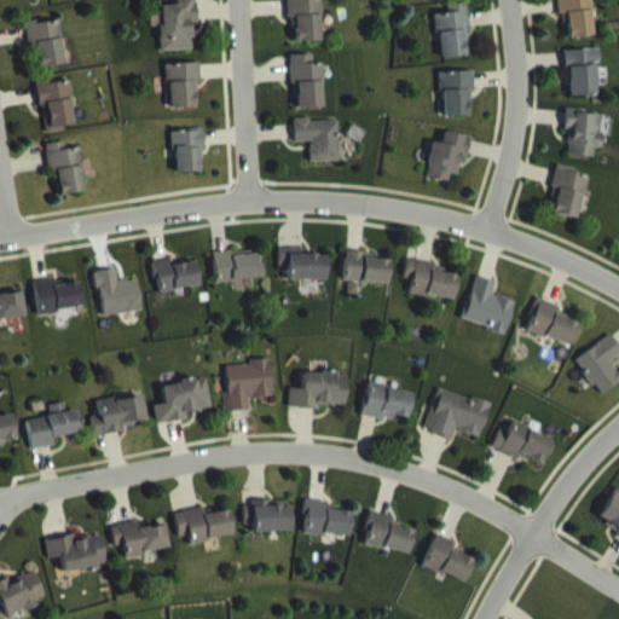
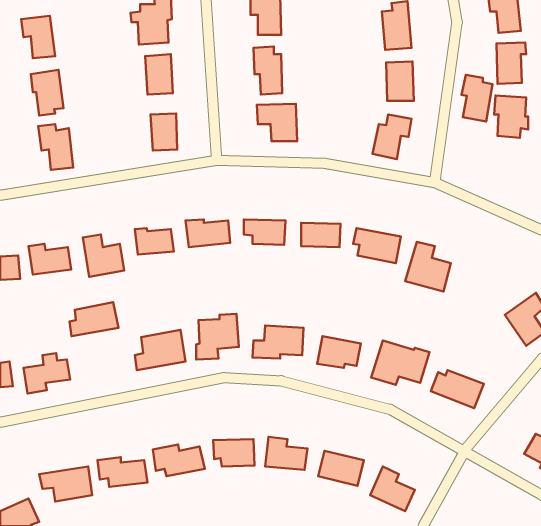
building: [551,164,586,218] -> [462,75,492,121]
building: [526,297,578,346] -> none
building: [92,394,147,433] -> [70,302,118,336]

